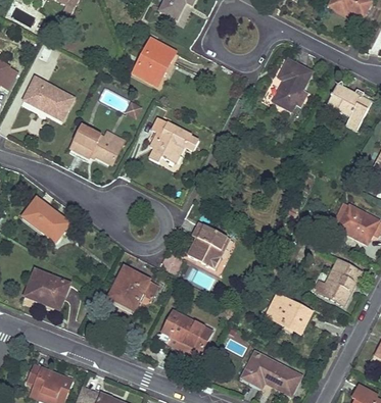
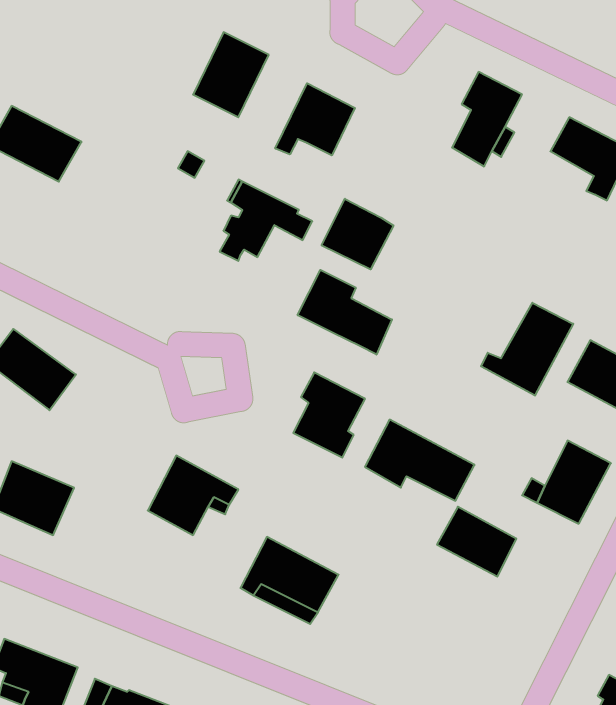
building: none -> [275,83,355,155]
building: [70,125,121,163] -> none
building: none -> [322,199,393,269]
building: none -> [298,270,392,355]
building: none -> [481,303,573,396]
building: [241,350,300,394] -> [365,420,475,501]

